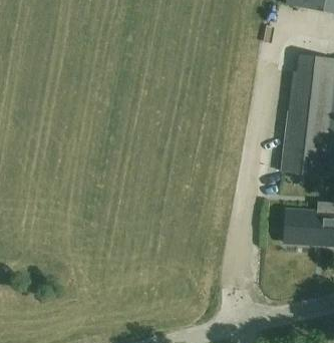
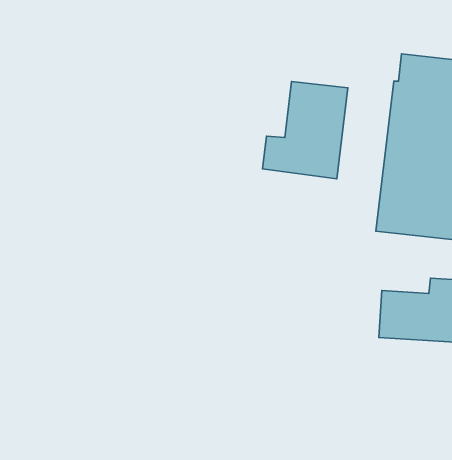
building: none -> [262,81,348,179]

